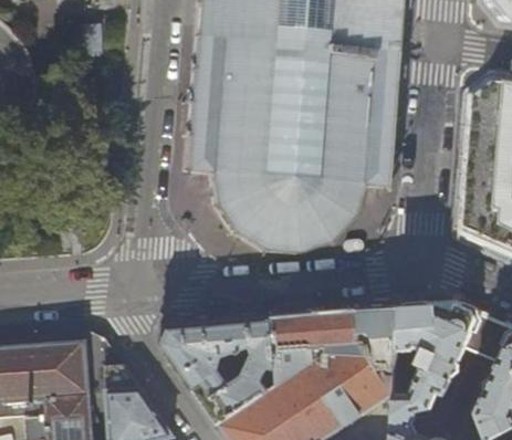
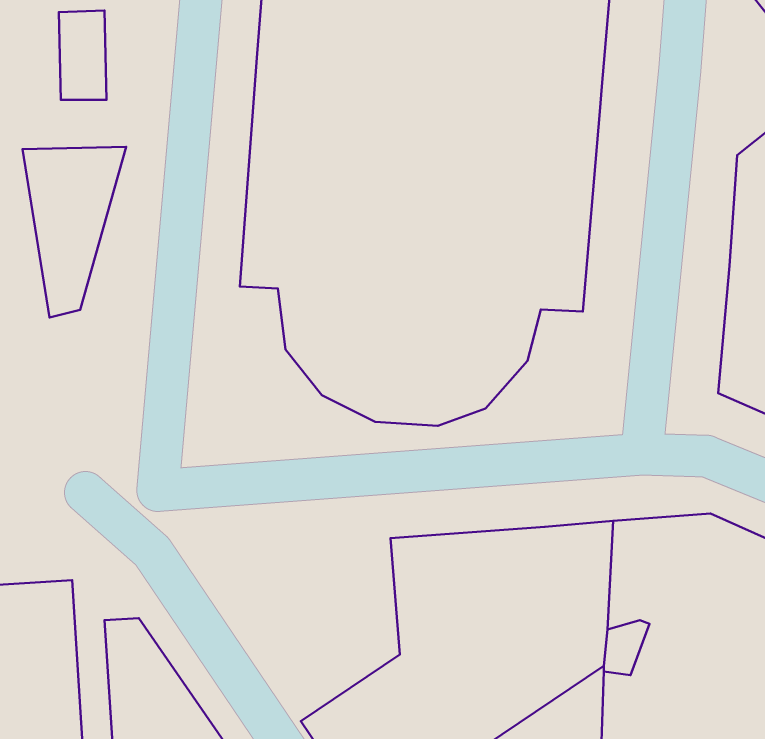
building: none -> [22,147,126,318]
building: [165,316,281,422] -> none

